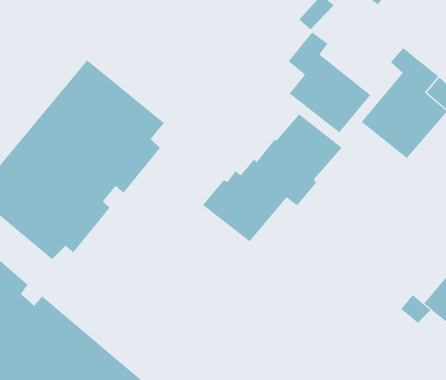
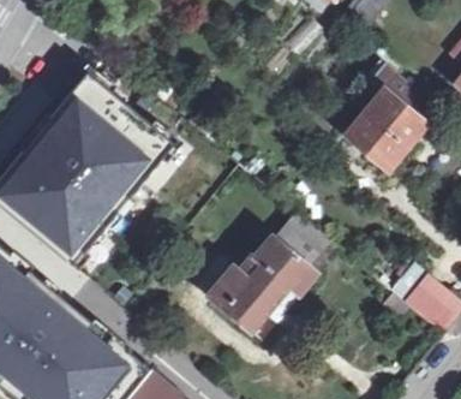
building: [288,32,371,133] -> none
building: [202,113,342,242] -> [210,214,337,330]

